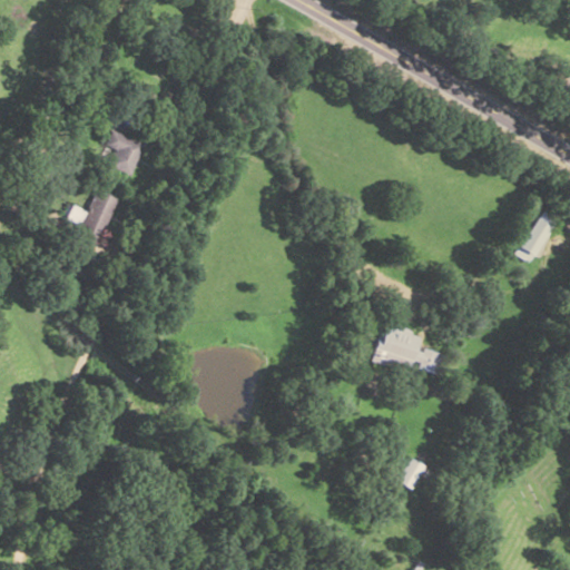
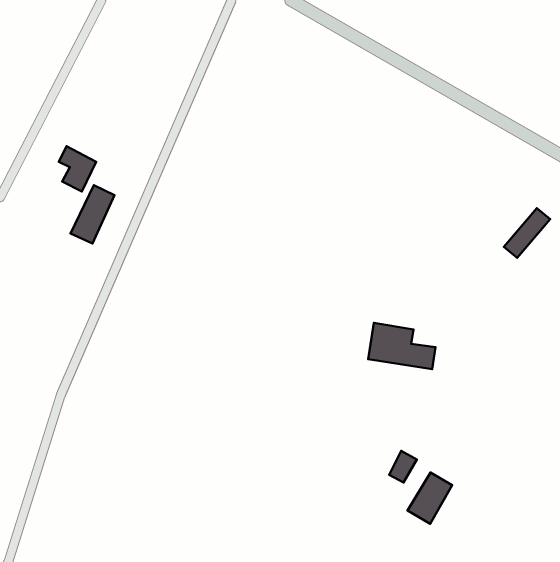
building: [106,129,144,175] -> [59,146,96,191]
building: none -> [408,473,452,524]

